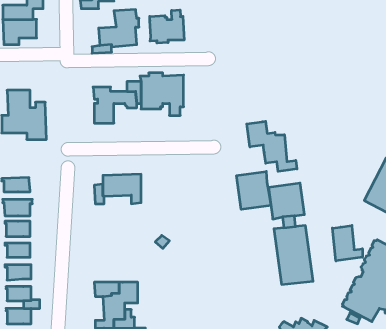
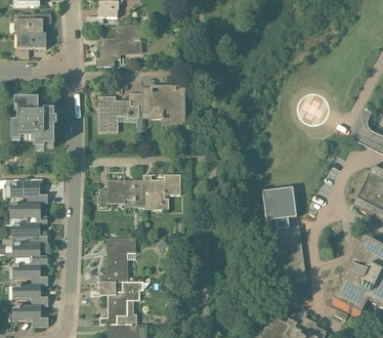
building: [150,10,184,43] -> none
building: [247,121,297,171] -> none
building: none -> [143,173,181,209]
building: [237,171,271,209] -> none
building: [332,225,362,261] -> none
building: none -> [108,238,135,273]

